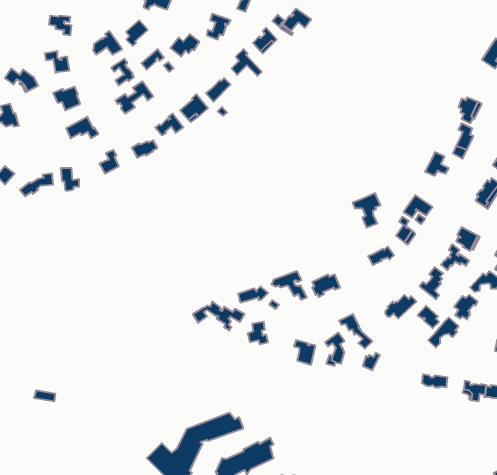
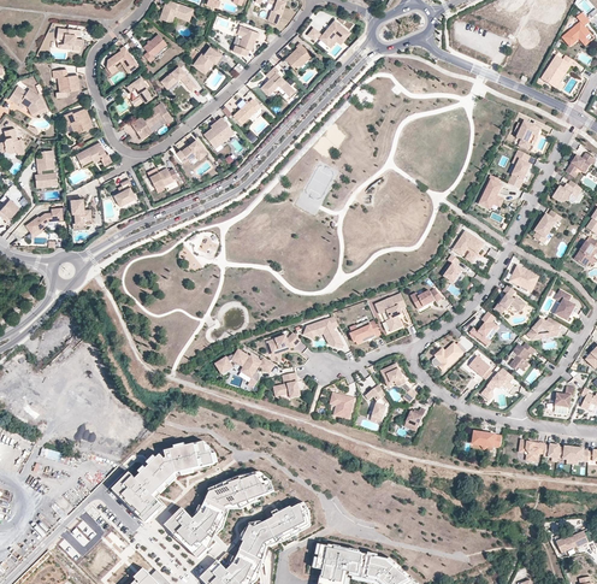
building: none -> [32,149,54,184]
building: [353,193,381,228] -> [376,293,407,331]
building: none -> [112,442,218,523]

